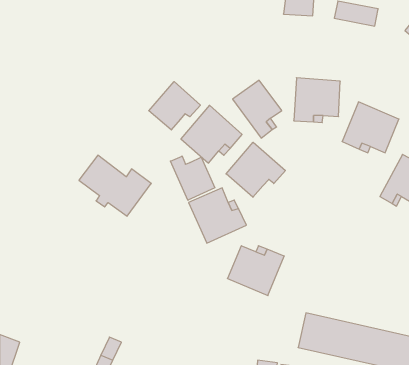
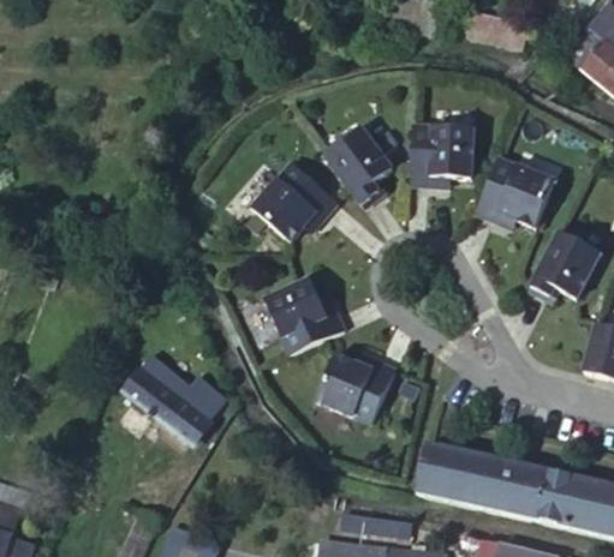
building: [149,82,200,130] -> none
building: [226,142,285,197] -> none
building: [79,155,151,216] -> [124,358,225,443]
building: [170,156,215,200] -> none

